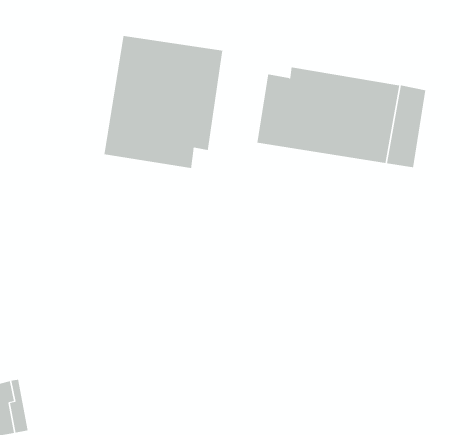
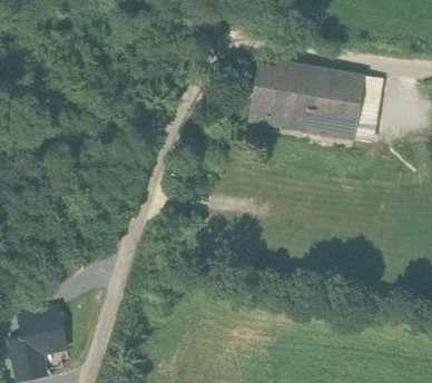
building: [104,35,224,169] -> none

